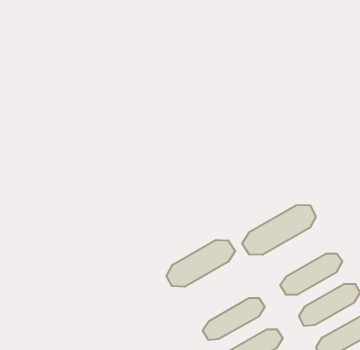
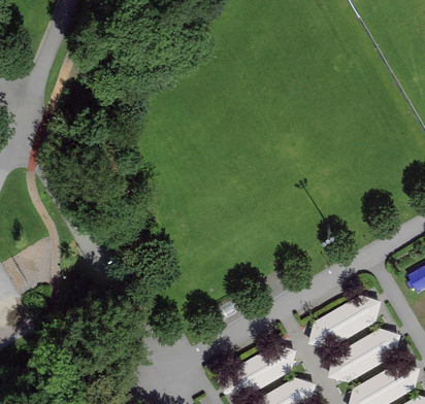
building: [242,205,316,255] -> none
building: [166,240,235,287] -> none

